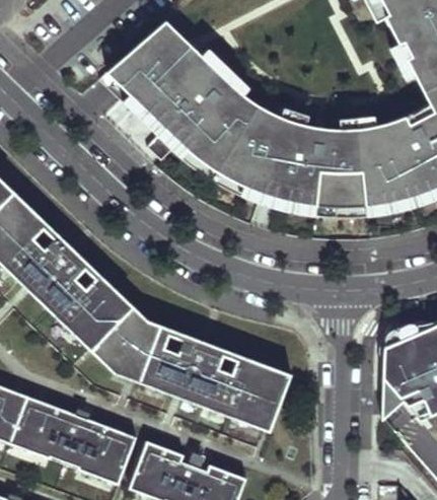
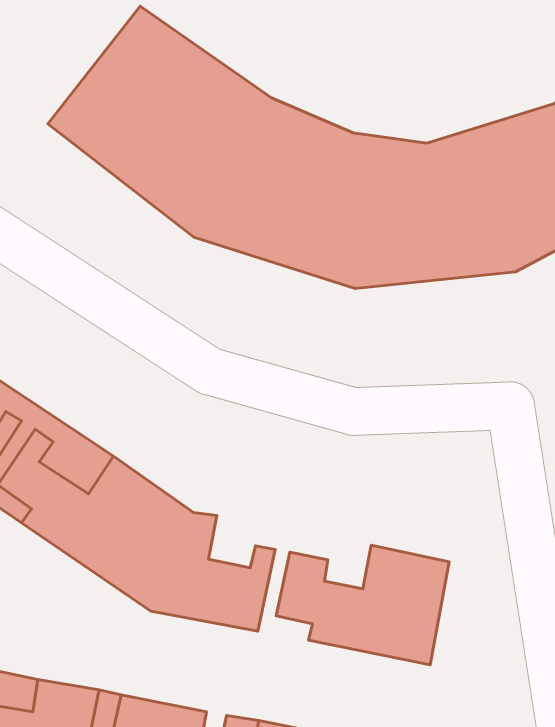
building: [152,325,247,406] -> none

